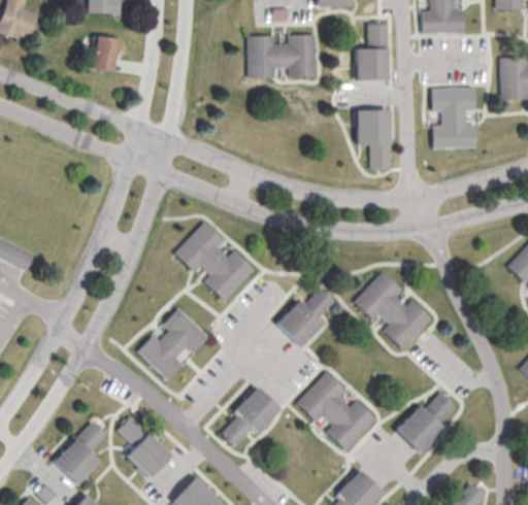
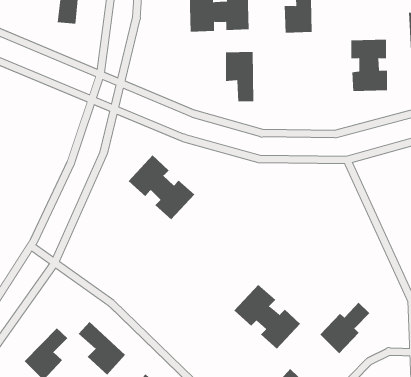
building: [358,109,392,168] -> [225,51,254,102]
building: [354,272,432,348] -> none
building: [276,289,333,346] -> none
building: [137,307,208,379] -> none
building: [222,389,282,443] -> none

